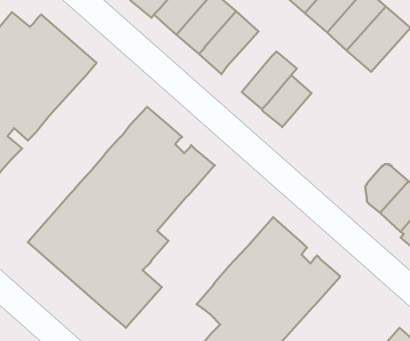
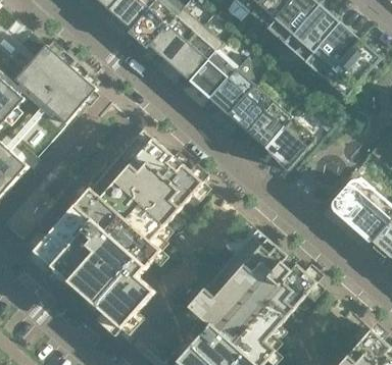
building: none -> [208,56,253,116]
building: none -> [263,117,311,166]

